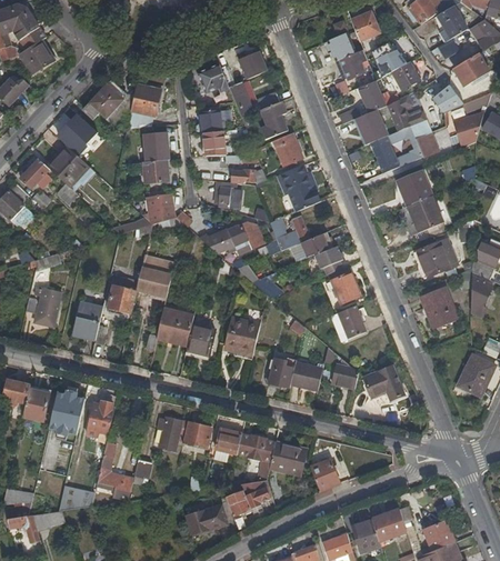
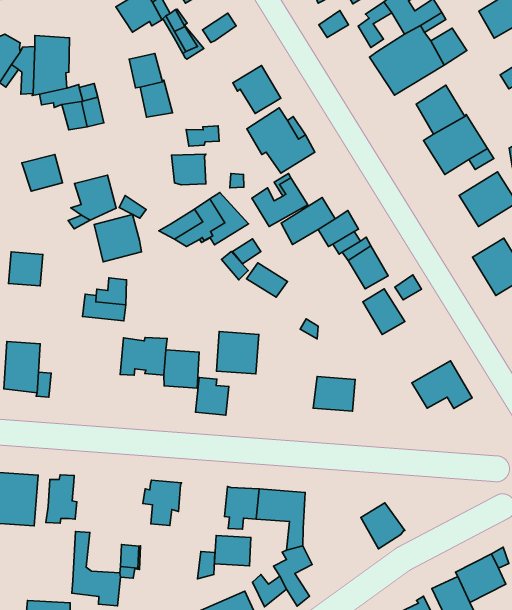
building: [260,102,286,141] -> none
building: [143,161,170,184] -> [22,154,63,191]
building: none -> [94,215,141,262]
building: [107,283,134,311] -> [8,252,43,286]
building: [266,358,292,388] -> [196,377,229,415]
building: [331,359,358,388] -> none
building: [181,422,210,448] -> [214,535,251,566]
building: [268,442,306,475] -> none

